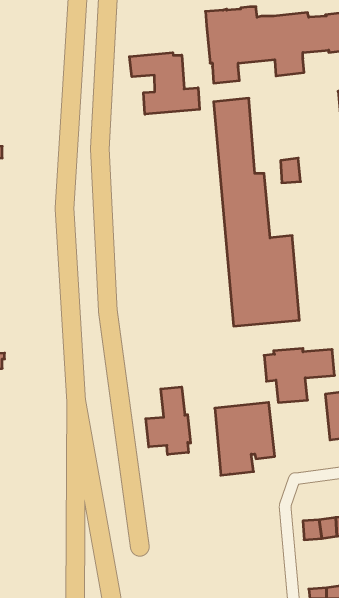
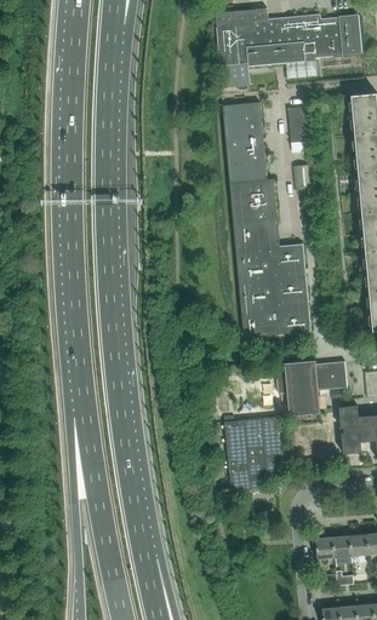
building: [129,53,200,114] -> none
building: none -> [287,105,309,142]
building: [146,387,191,455] -> none

